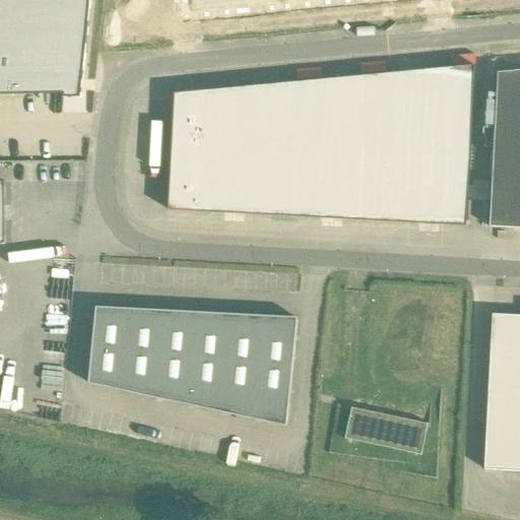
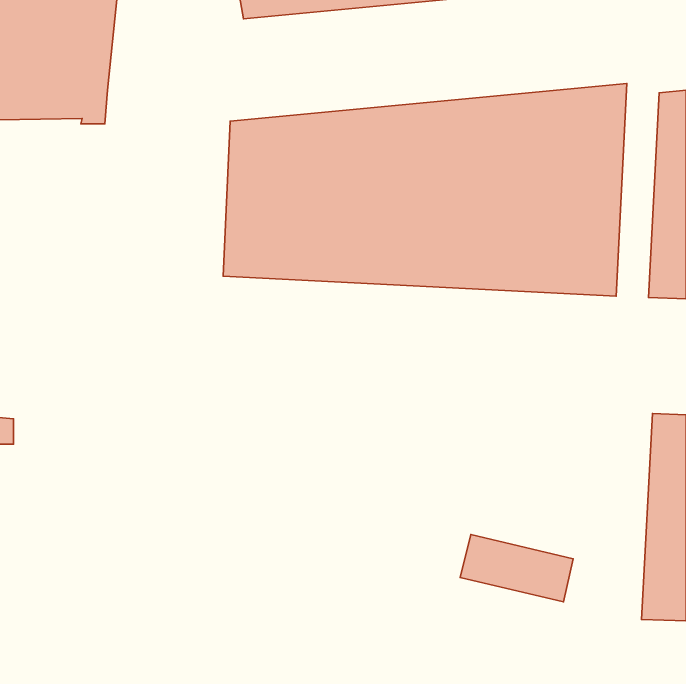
building: [88,305,297,424] -> none

